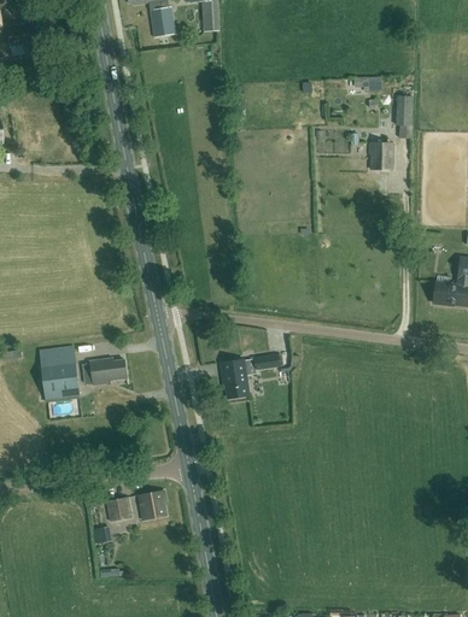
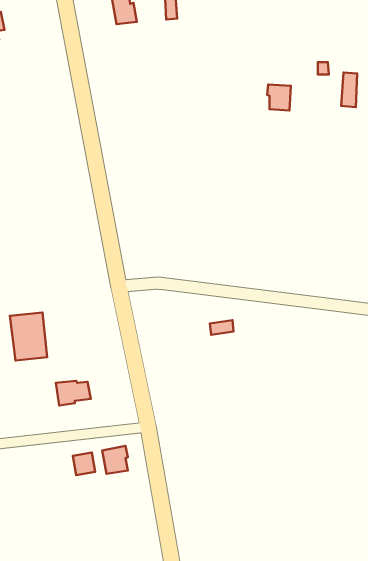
building: [368,142,393,170] -> [267,85,291,110]
building: [89,358,127,384] -> [56,381,91,405]
building: [220,359,248,398] -> none

